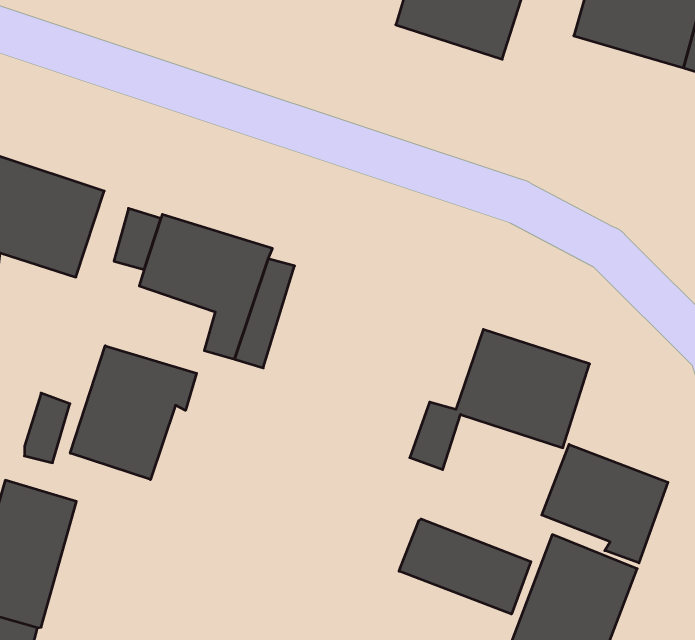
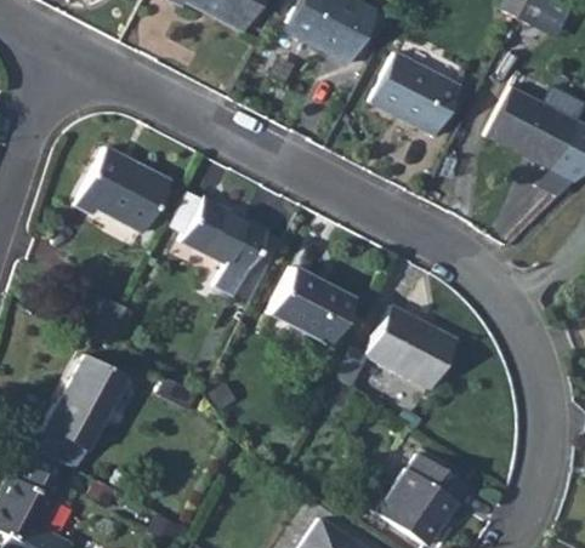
building: none -> [271,270,356,348]
building: [70,346,197,480] -> none
building: [542,444,668,563] -> none
building: [399,519,531,614] -> none

